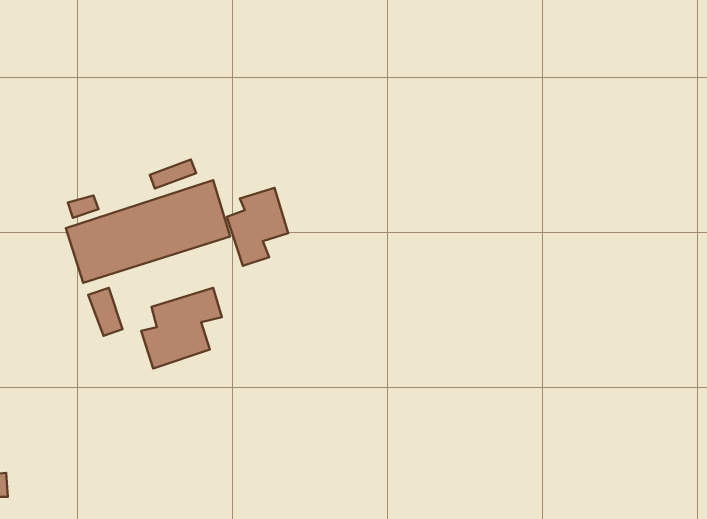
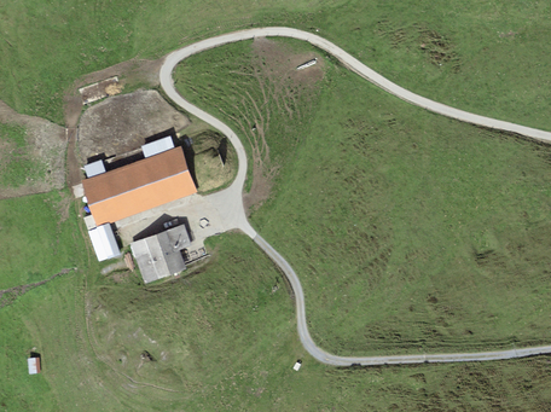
building: [227,188,288,266] -> none

